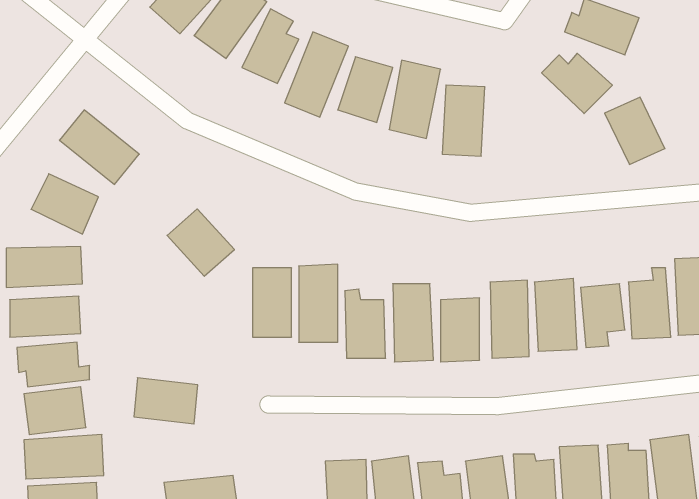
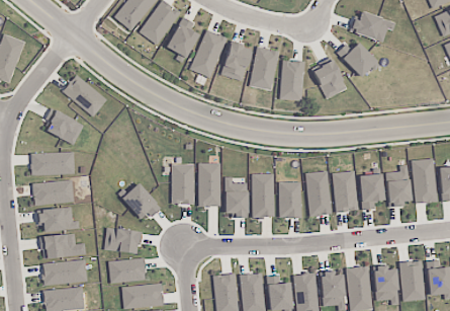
building: [605,97,665,164] -> [312,60,347,98]
building: [167,209,234,276] -> [121,182,160,221]
building: none -> [109,258,146,282]

